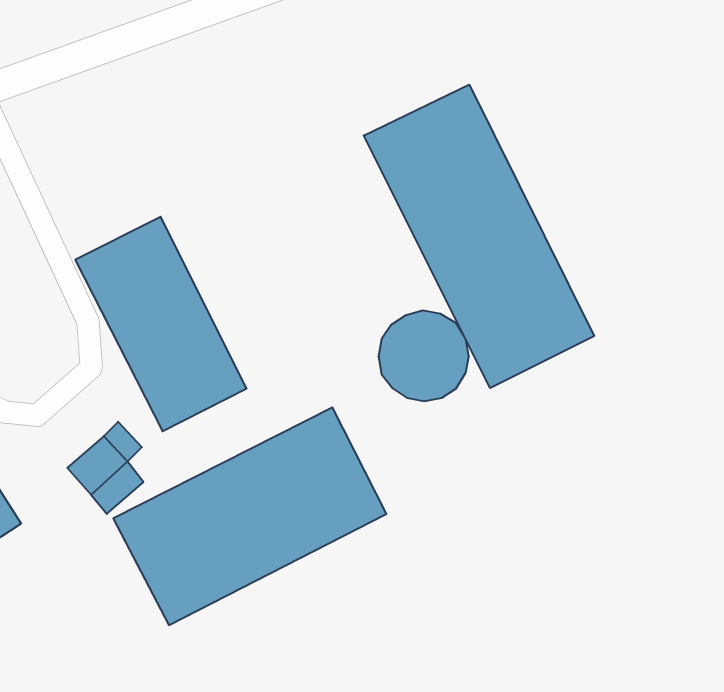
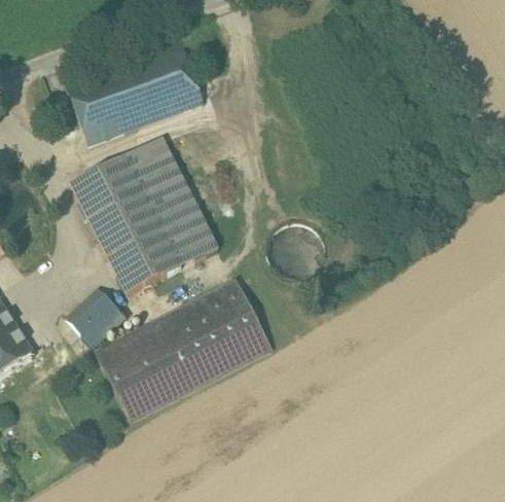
building: none -> [65,42,201,142]
building: [364,85,594,388] -> none
building: none -> [125,137,218,266]

